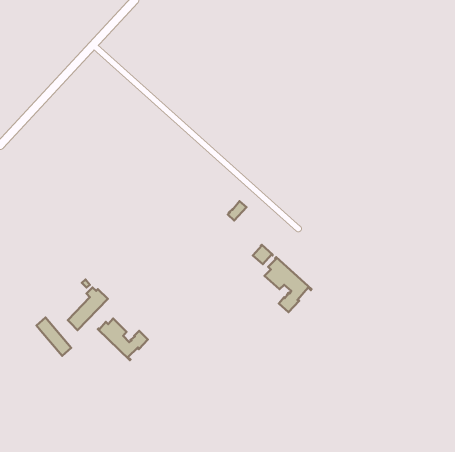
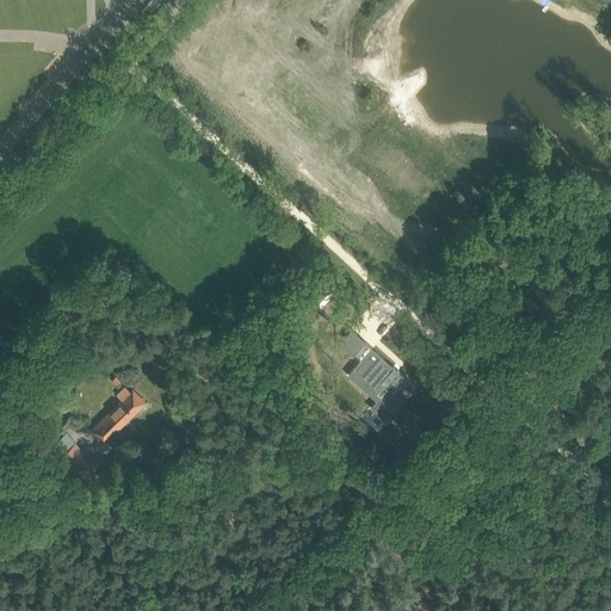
building: [98,319,148,360] -> none

